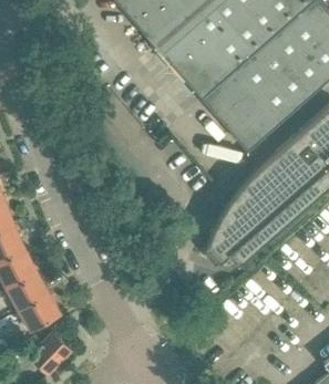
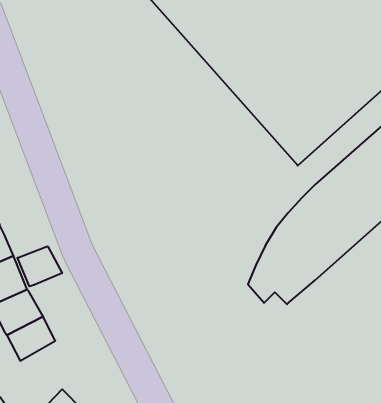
building: none -> [17,246,62,286]
building: [19,293,60,331] -> none

